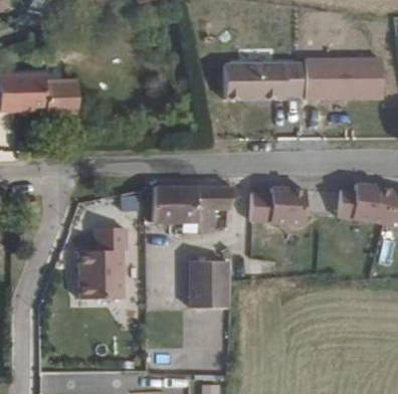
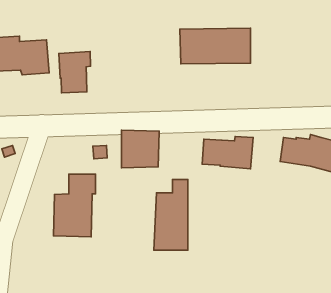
building: [305,58,383,105] -> none
building: none -> [59,52,91,93]
building: [198,181,232,223] -> none

